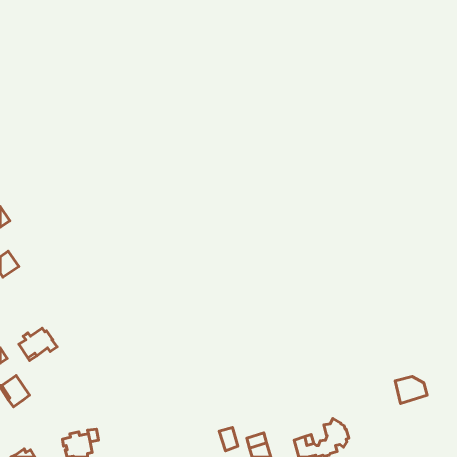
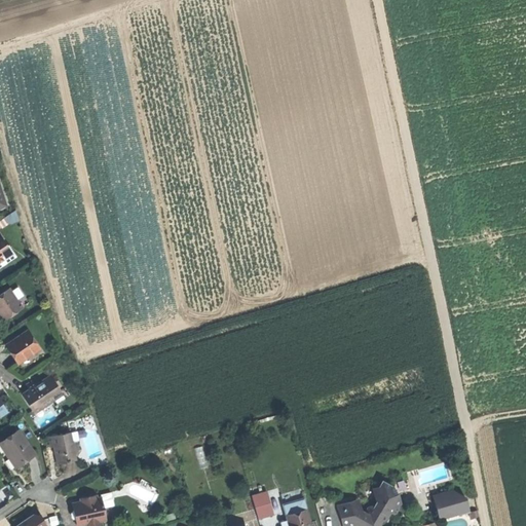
building: none -> [7,331,39,364]
building: none -> [48,431,80,464]
building: [395,377,427,403] -> [433,490,469,521]

